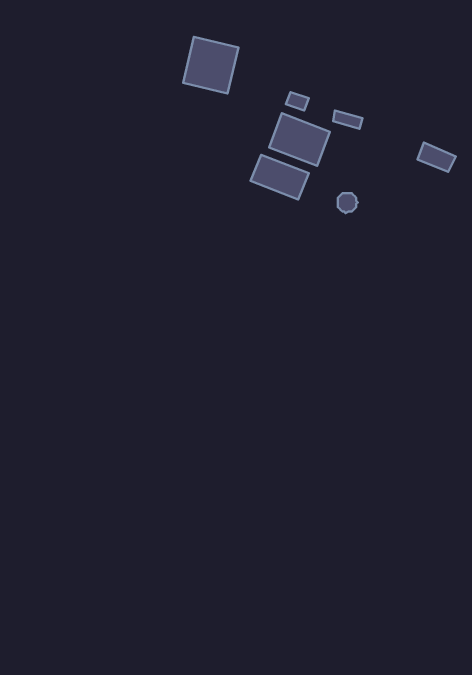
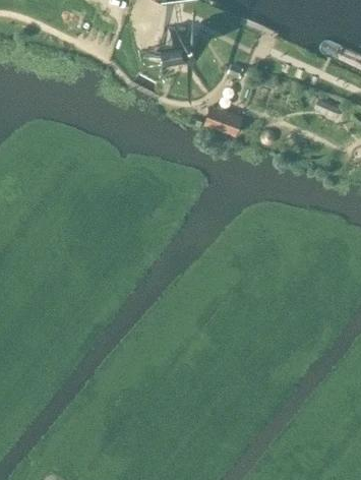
building: [269,113,330,166] -> none

